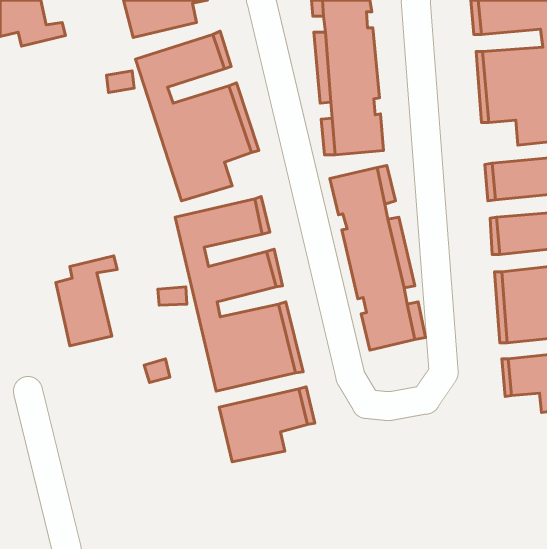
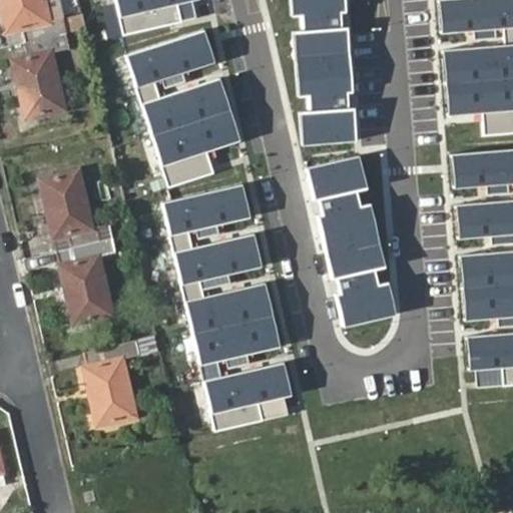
building: none -> [9,33,66,119]
building: none -> [34,170,108,248]
building: none -> [75,342,136,426]

